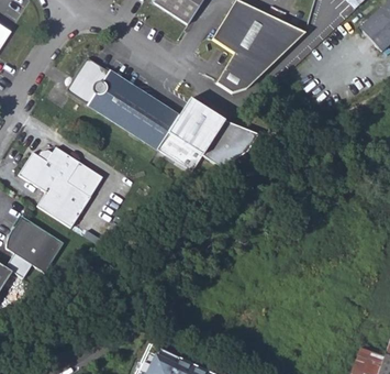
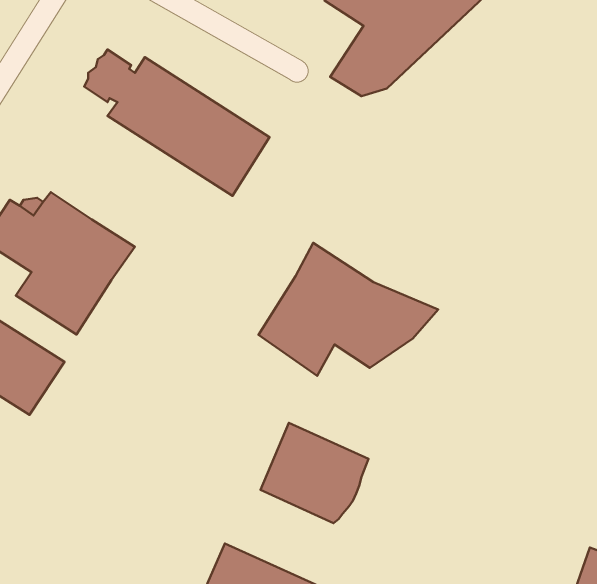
building: [158,97,259,172] -> [258,243,438,376]
building: none -> [260,423,369,523]

